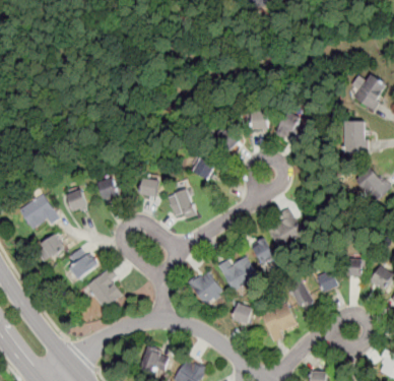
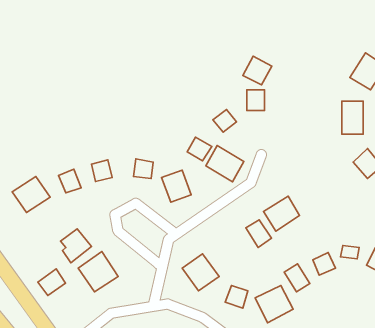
building: [276,111,305,139] -> [243,56,272,85]
building: none -> [206,146,244,182]
building: [37,233,64,259] -> [38,269,66,295]
building: [219,253,257,290] -> none

